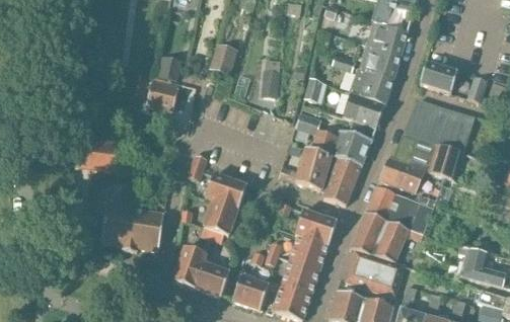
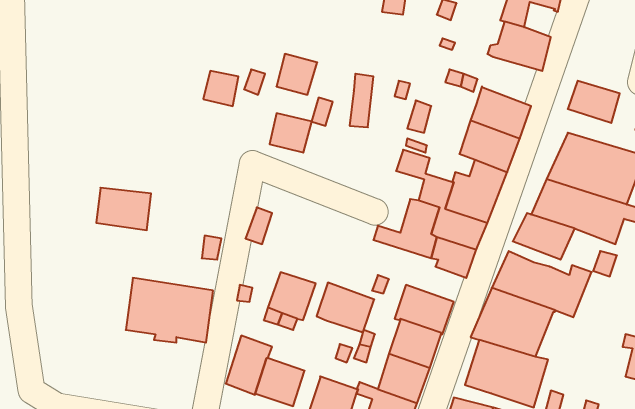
building: [359,45,402,80] -> none
building: [148,81,178,109] -> [270,113,312,153]
building: [206,172,247,208] -> [317,283,374,332]

